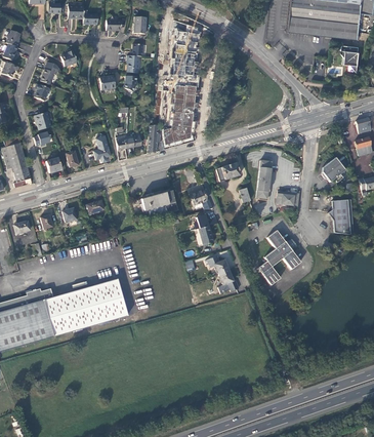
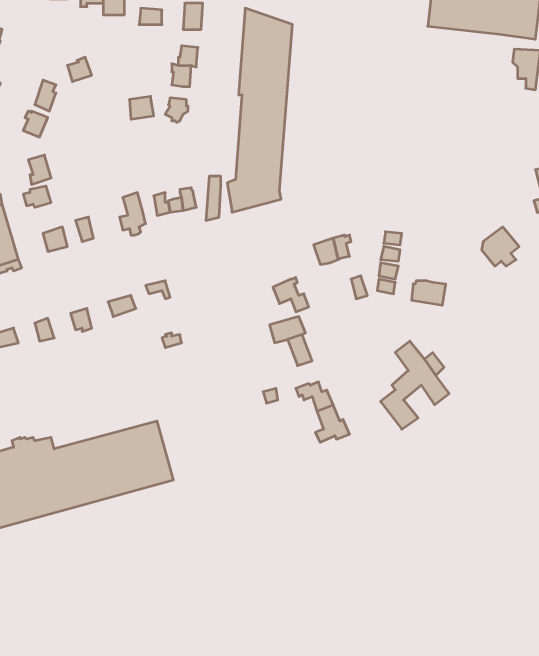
building: [140,190,177,215] -> none
building: [328,199,354,234] -> none

